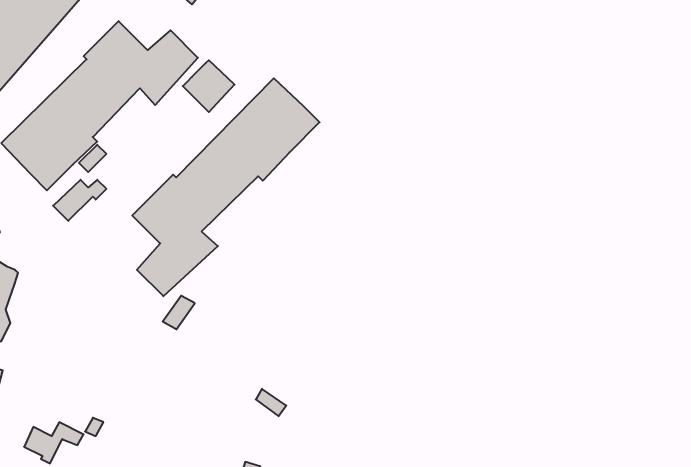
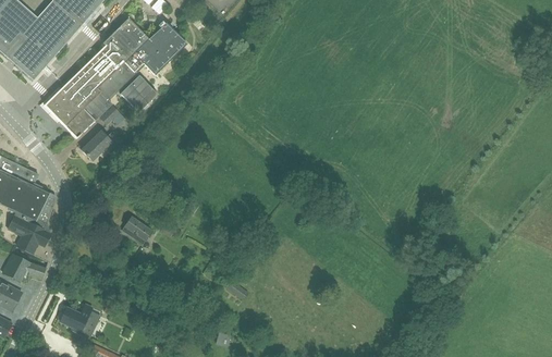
building: [183,60,235,112] -> [121,75,158,112]
building: [132,78,320,296] -> none
building: none -> [122,216,152,244]

